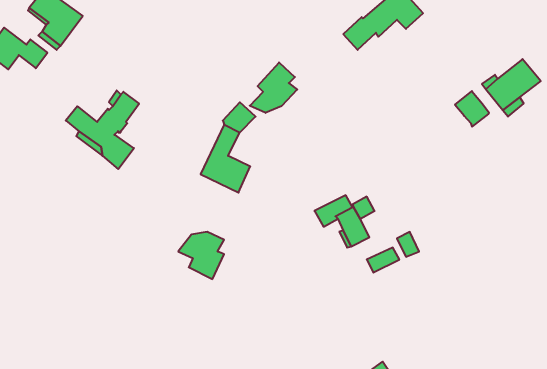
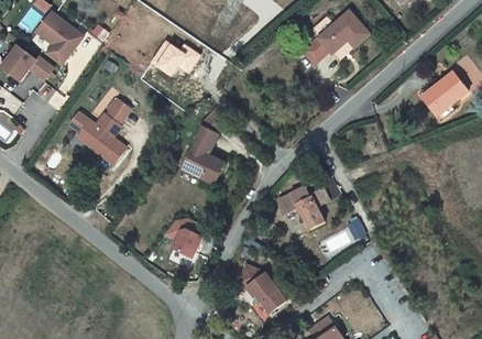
building: none -> [151,41,199,75]
building: [250,62,297,113] -> none
building: [455,91,489,127] -> none
building: none -> [237,264,285,314]

